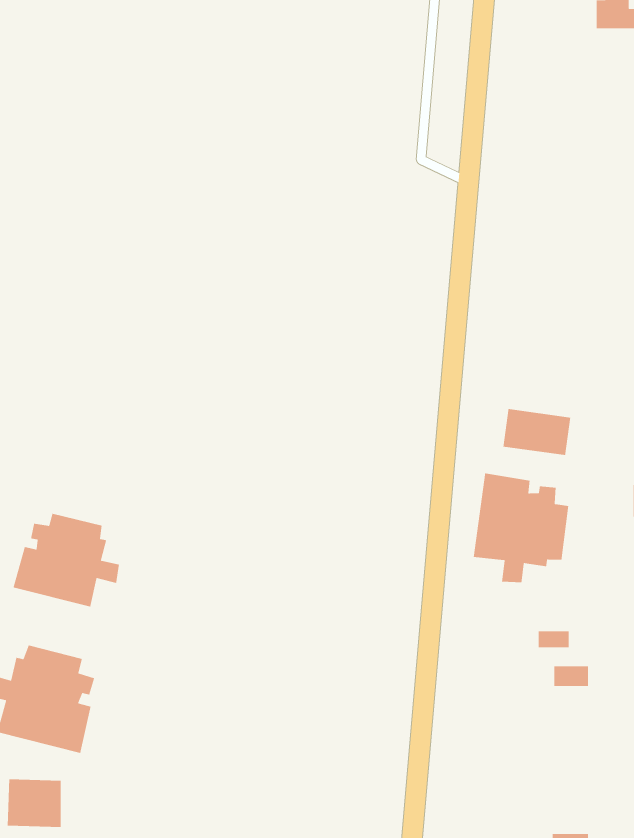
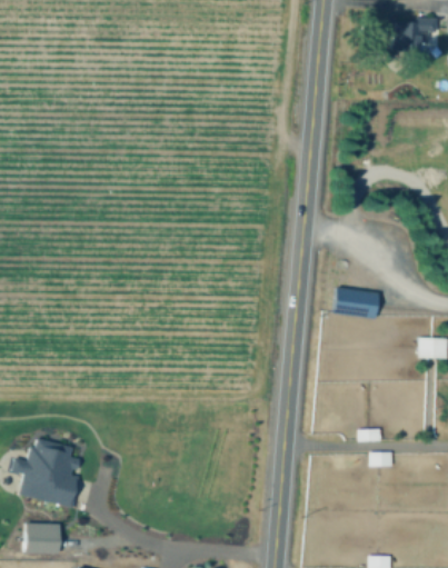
building: [473,472,569,583] -> none
building: [13,513,120,607] -> none

